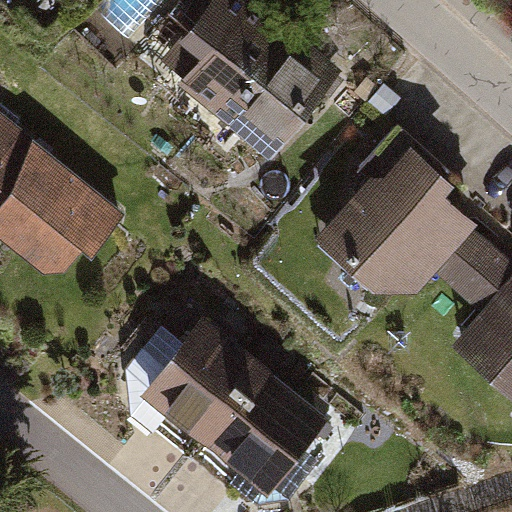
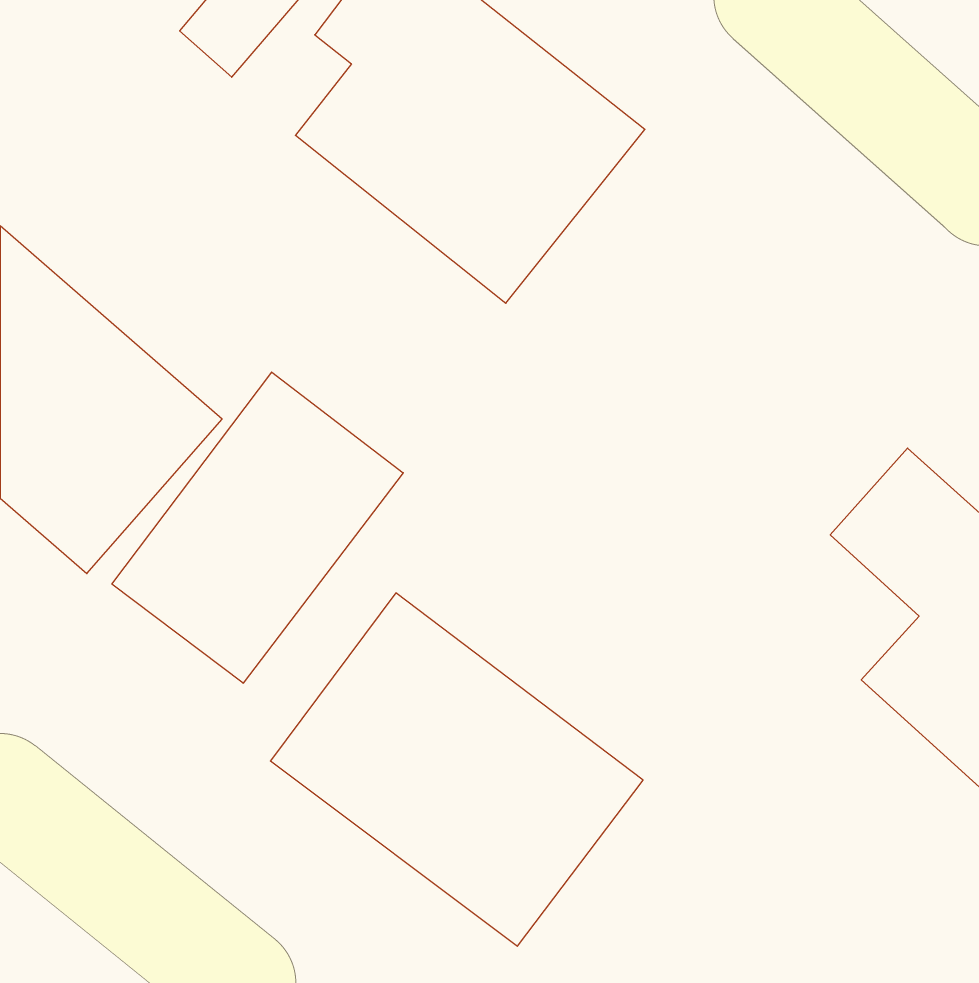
building: [309,130,474,322] -> none
building: none -> [112,372,403,683]

